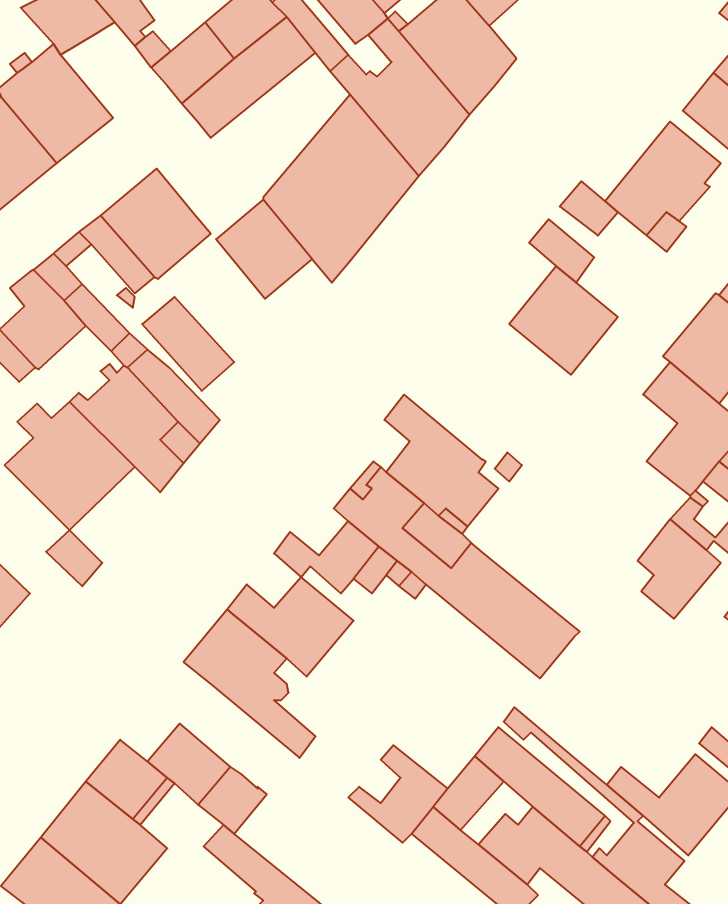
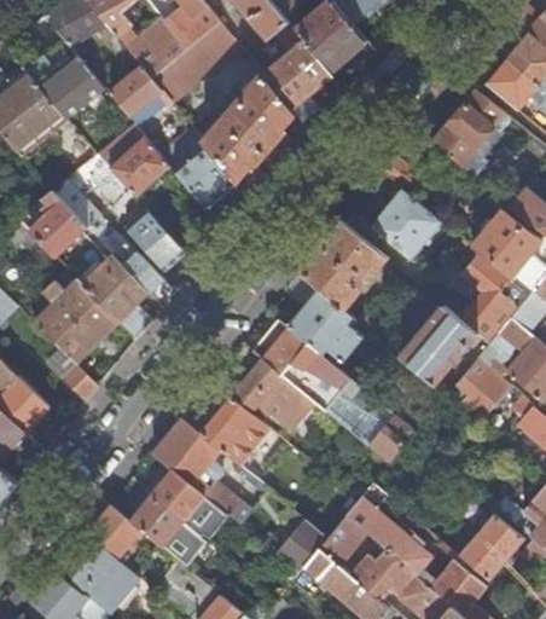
building: none -> [110,66,161,116]
building: none -> [300,221,385,317]
building: none -> [401,303,480,384]
building: none -> [150,468,230,527]

